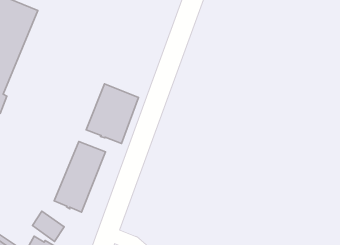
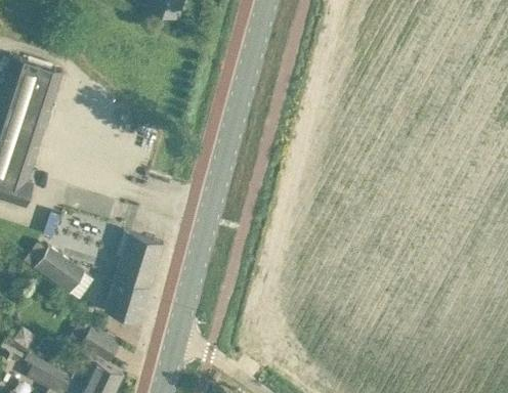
building: [86,84,138,144] -> none
building: none -> [36,249,84,293]

